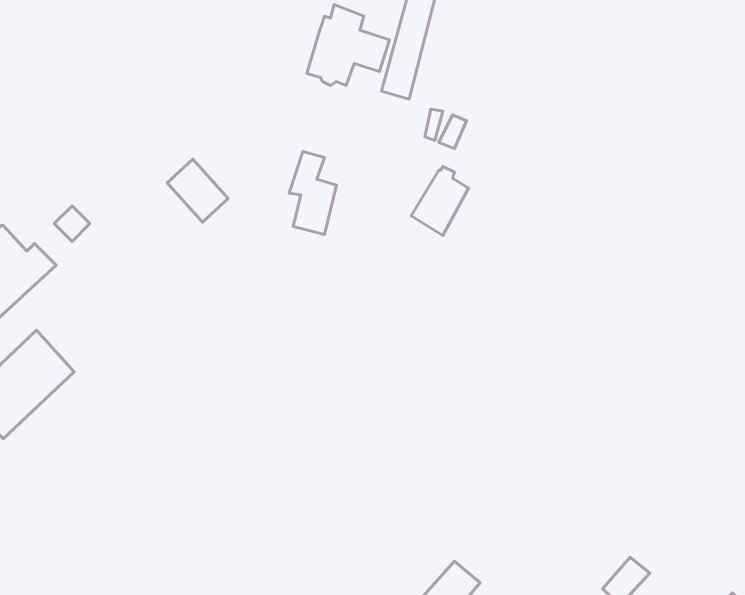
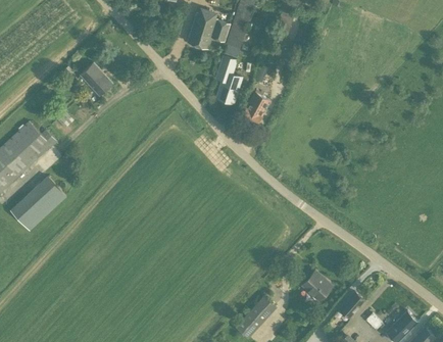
building: [289,152,336,234] -> [215,55,240,98]
building: [167,159,228,222] -> [80,63,111,96]
building: none -> [300,268,333,301]

